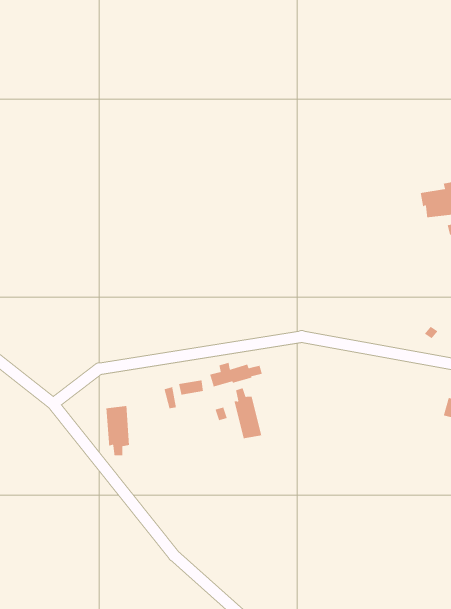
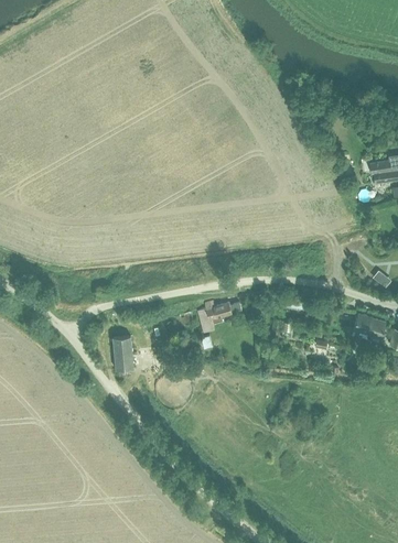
building: none -> [353,315,385,341]
building: [234,387,262,439] -> none

